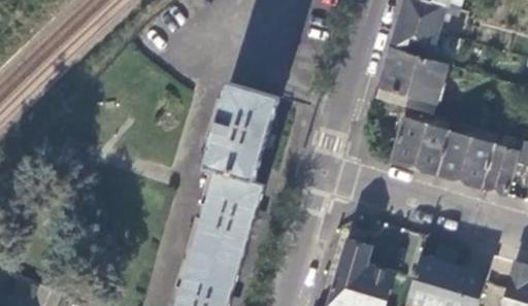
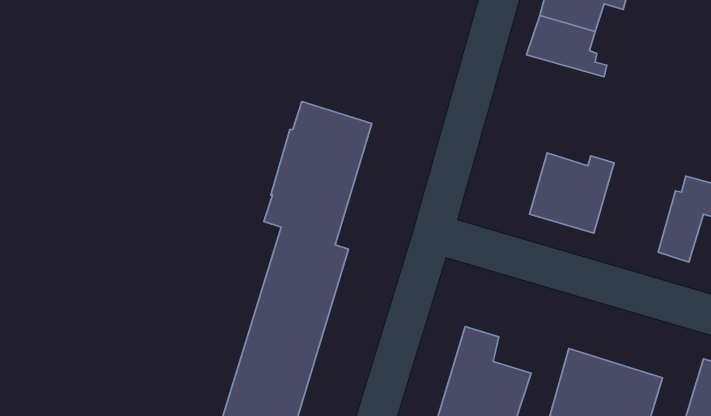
building: [374,49,447,114] -> none
building: [436,126,494,189] -> none

